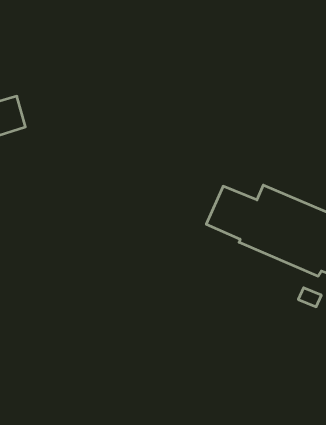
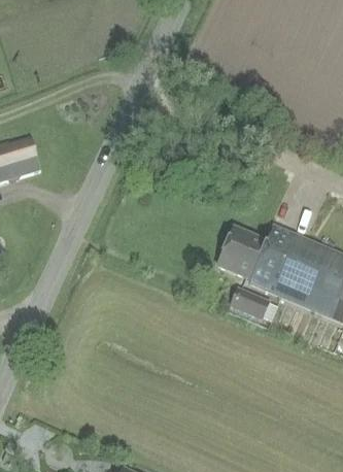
building: none -> [231,286,270,321]

